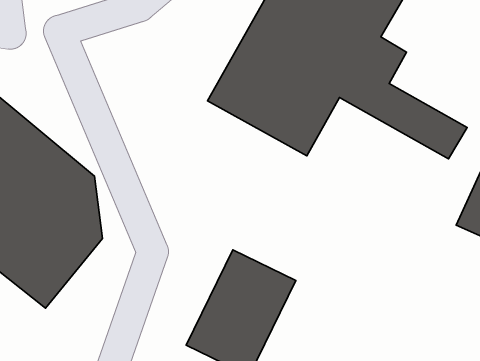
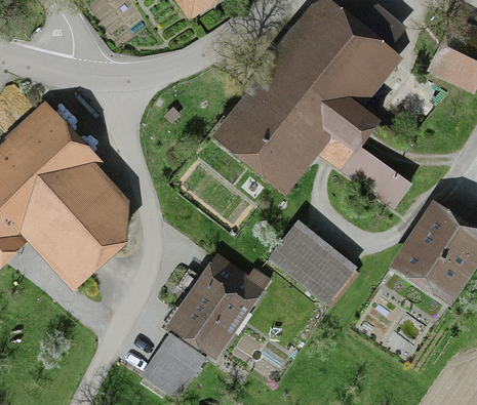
building: none -> [269,221,356,305]

